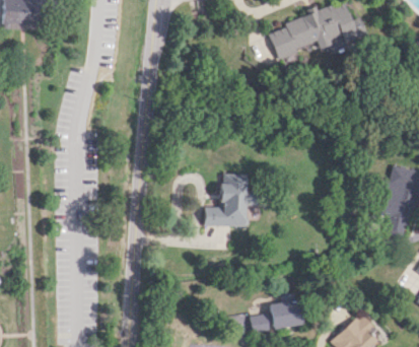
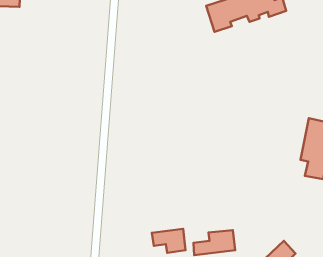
building: [204,174,258,226] -> none
building: none -> [152,229,186,253]

